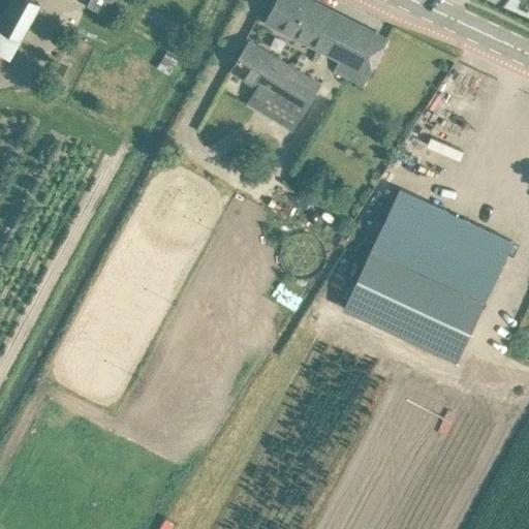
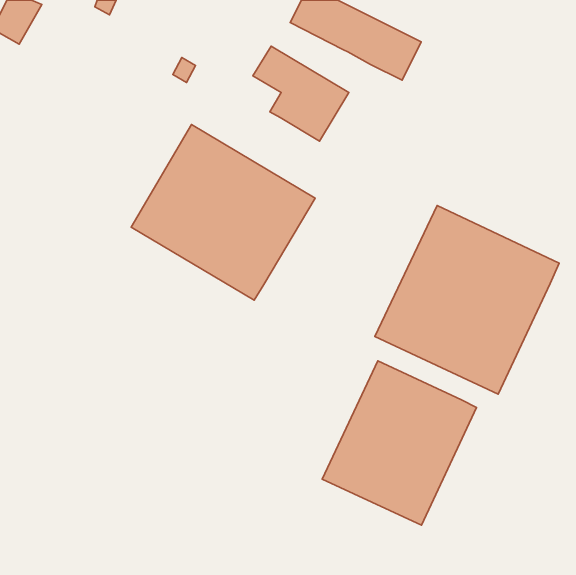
building: none -> [131,124,315,300]
building: none -> [322,361,476,525]

